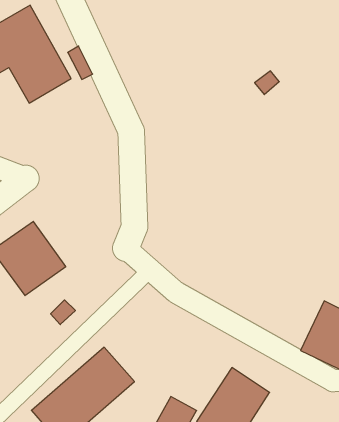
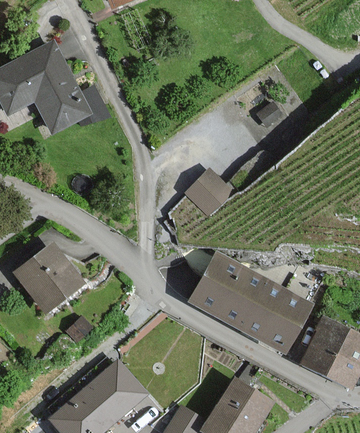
building: none -> [188,169,228,209]
building: none -> [190,251,308,353]

